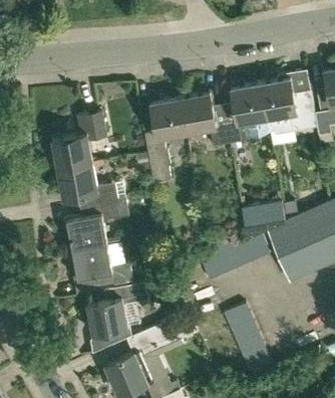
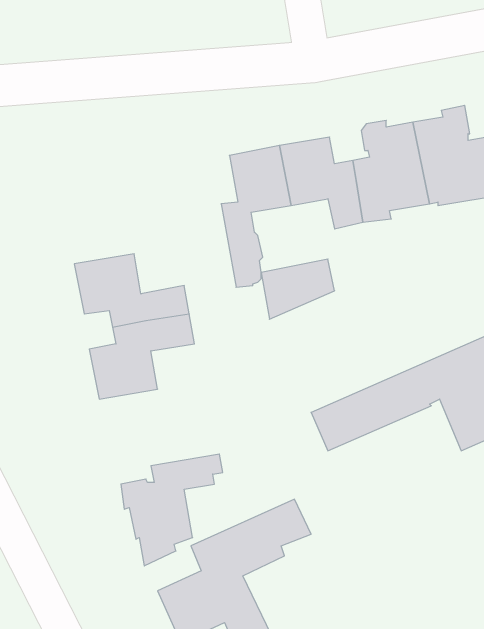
building: [51,112,105,169] -> none
building: [242,200,286,236] -> [261,259,335,319]
building: [71,244,131,287] -> none
building: [223,305,273,376] -> none

